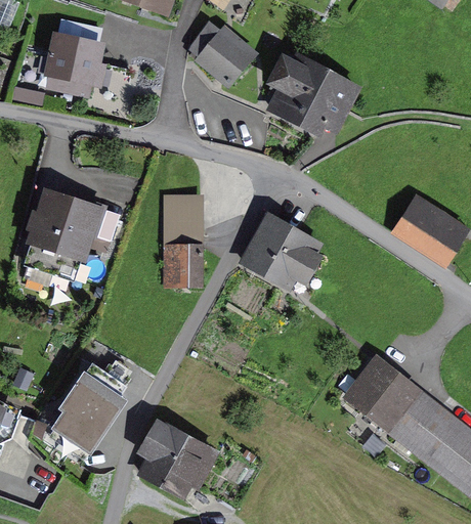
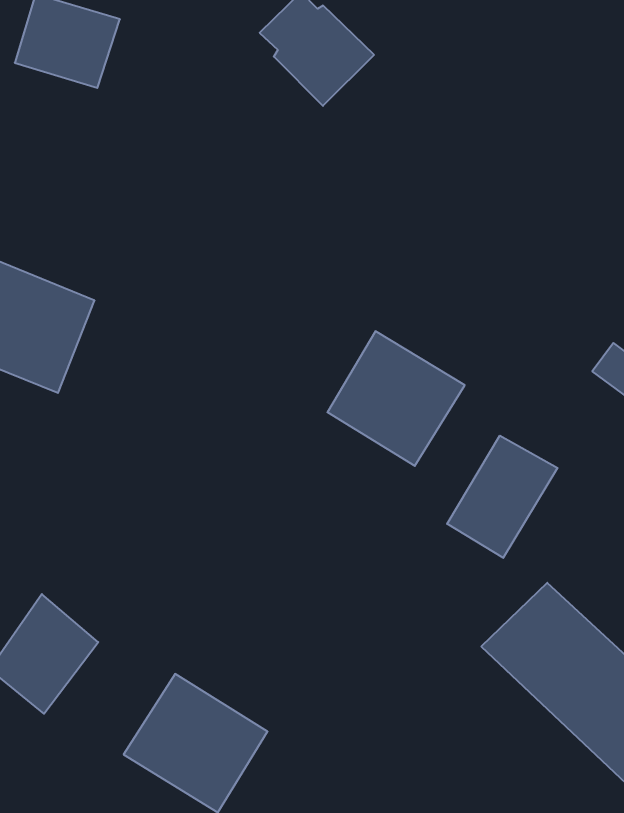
building: [264,53,360,137] -> none
building: [162,193,204,283] -> none
building: none -> [447,436,558,558]

